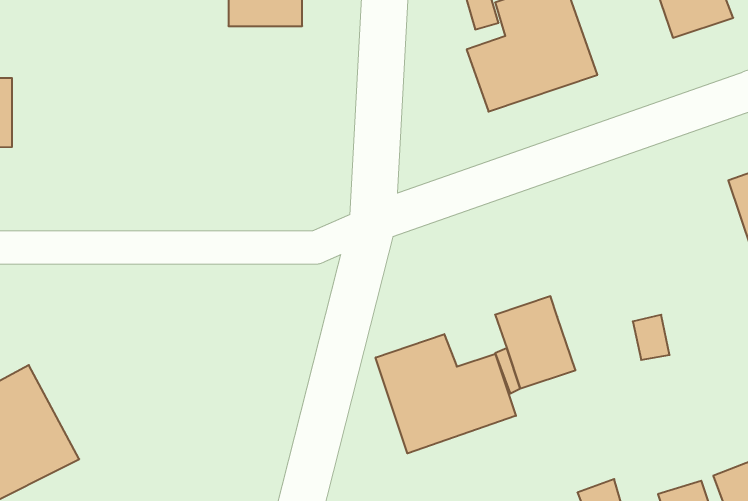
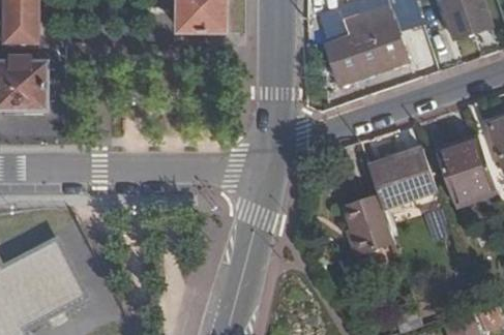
building: none -> [437,142,493,196]
building: none -> [367,150,435,209]
building: [376,334,516,453] -> none

